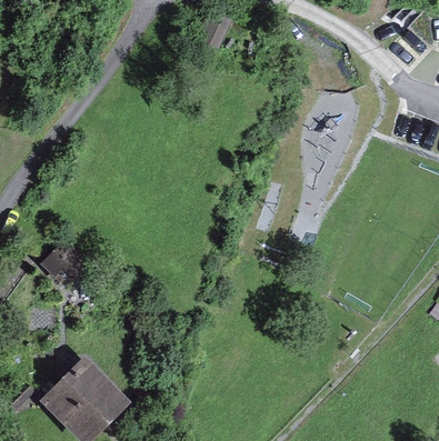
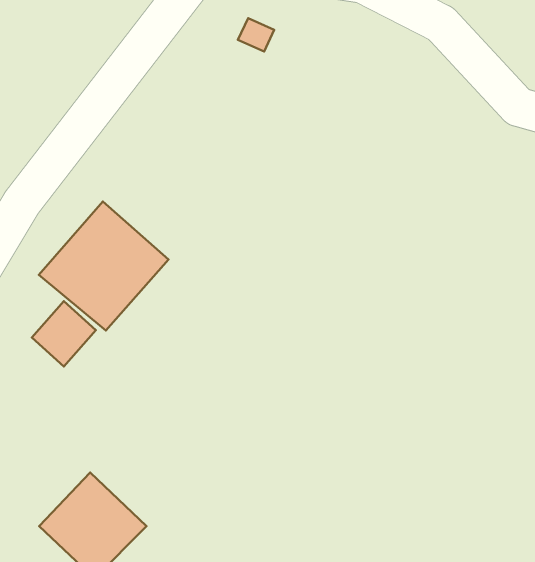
building: none -> [39,202,169,331]

